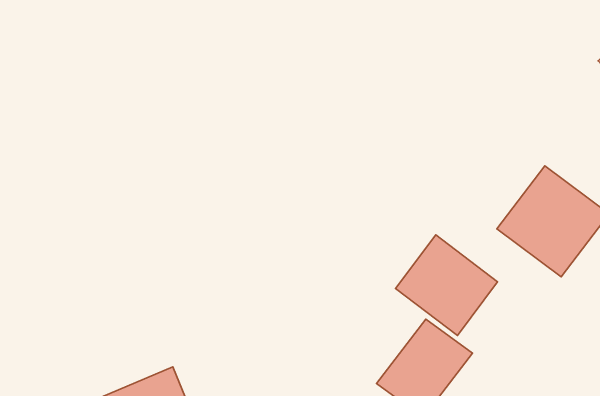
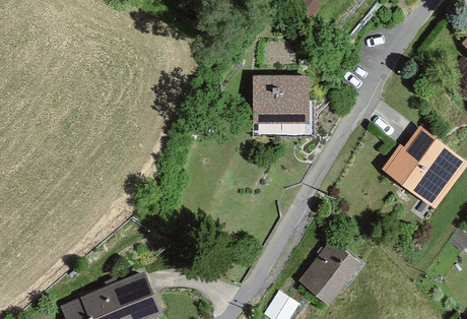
building: none -> [250,74,308,125]
building: [396,235,497,336] -> none

